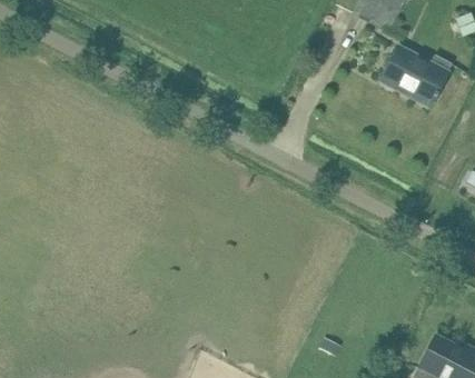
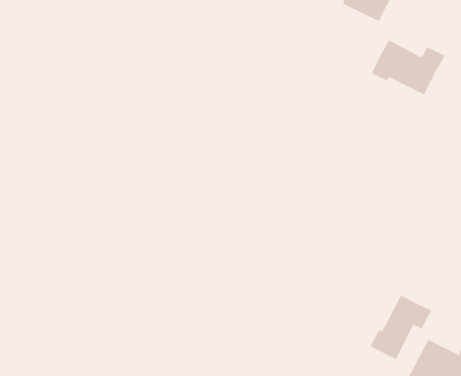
building: none -> [370,295,432,360]

